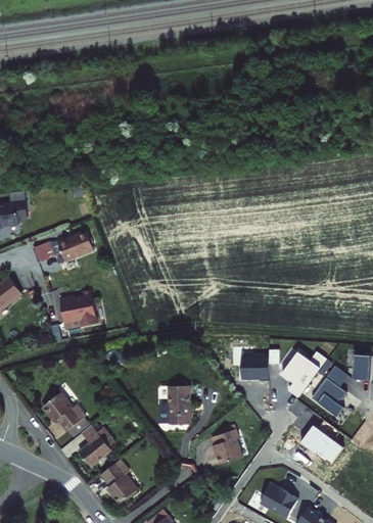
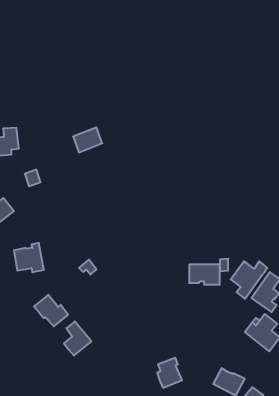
building: [55,230,91,260] -> [73,127,102,152]
building: [58,289,95,325] -> [14,243,44,272]
building: [166,386,185,425] -> none
building: [217,429,247,466] -> [157,358,182,388]
building: [104,462,142,506] -> none

